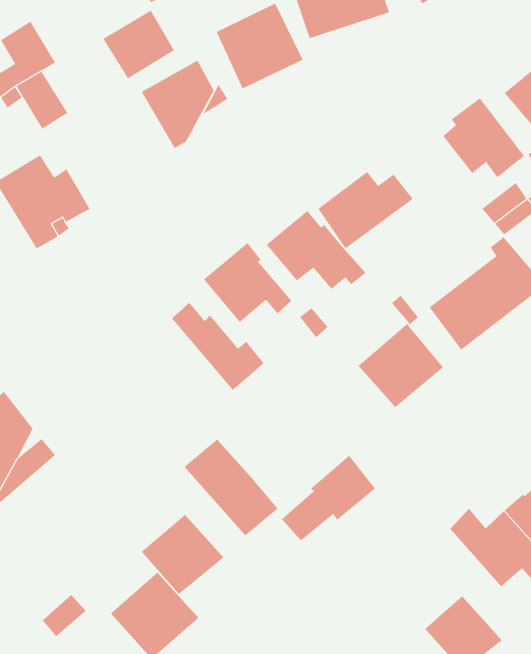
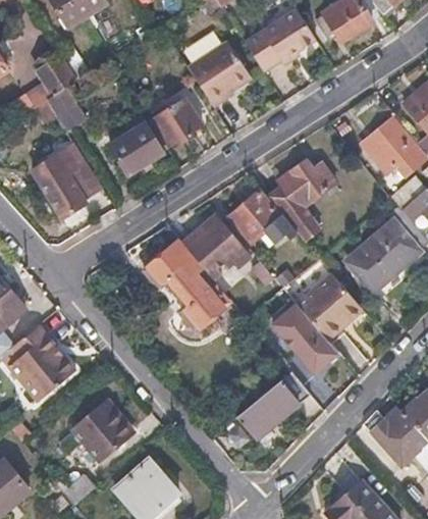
building: [102,10,175,79] -> [108,125,161,176]
building: [184,439,279,536] -> [271,306,340,377]
building: [141,514,224,595] -> [72,400,133,459]

